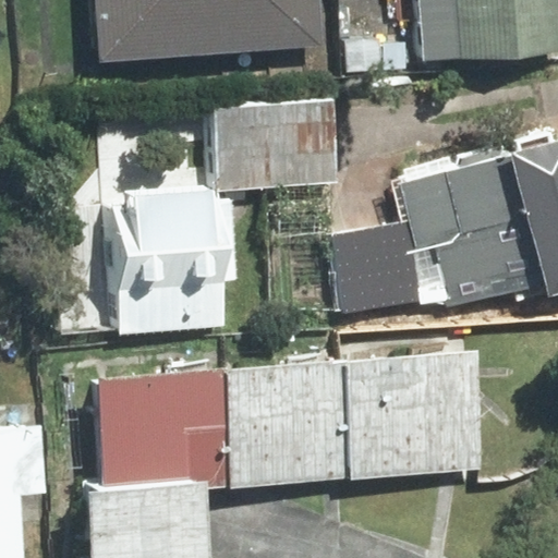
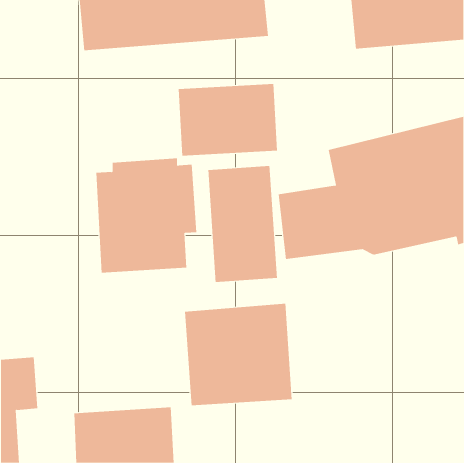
building: none -> [208,165,277,283]
building: [343,355,482,480] -> none
building: [99,374,229,495] -> none

